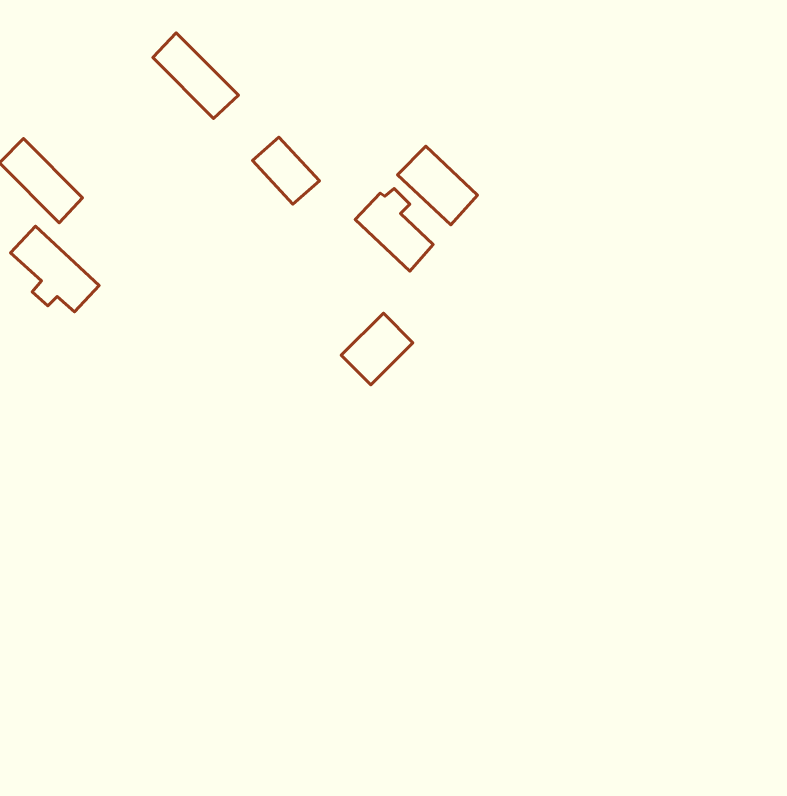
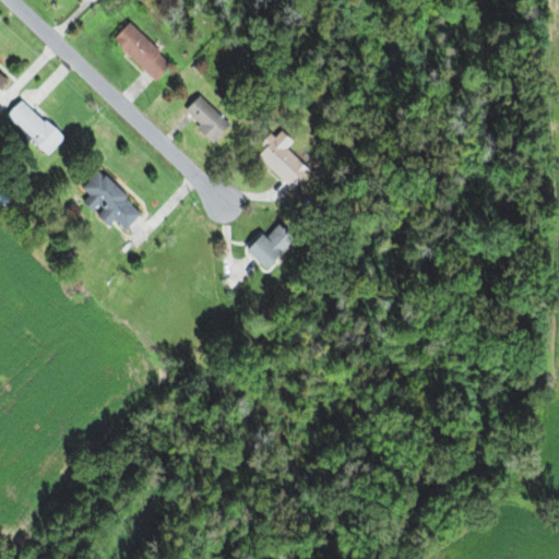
building: [398,146,478,225] -> none
building: [10,226,99,312] -> [82,169,144,229]

